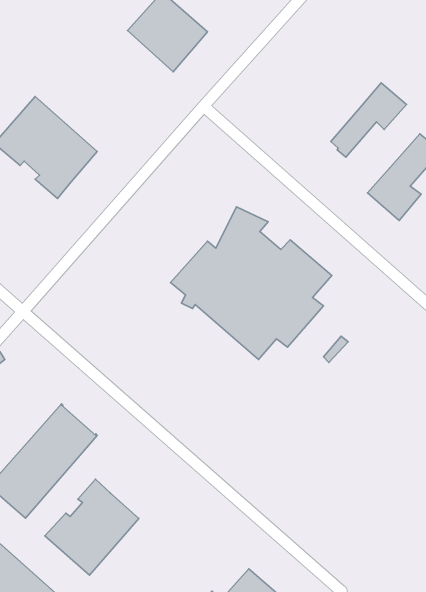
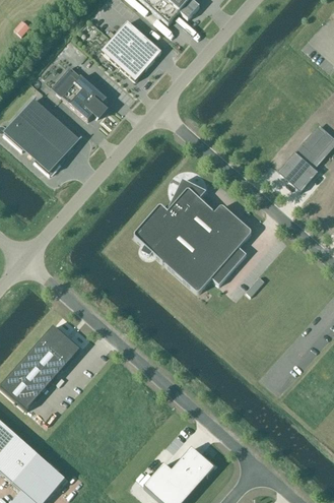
building: none -> [51,64,108,119]
building: [331,83,406,157] -> none
building: [45,479,139,575] -> none

